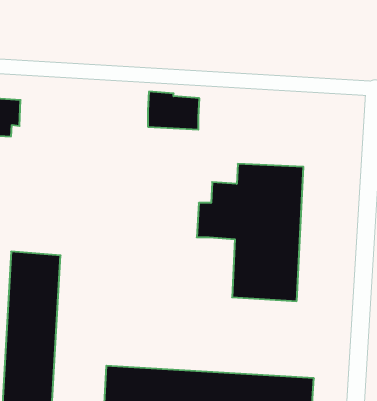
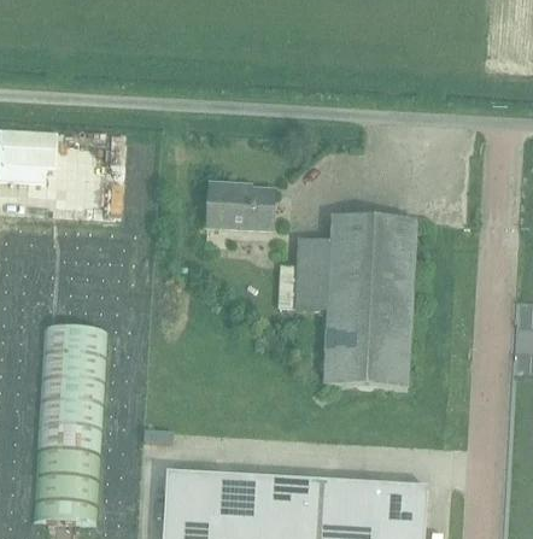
building: [148,92,199,130] -> [207,181,273,229]

